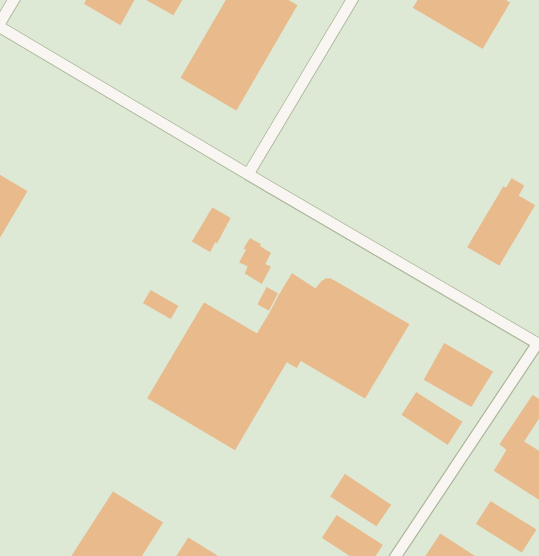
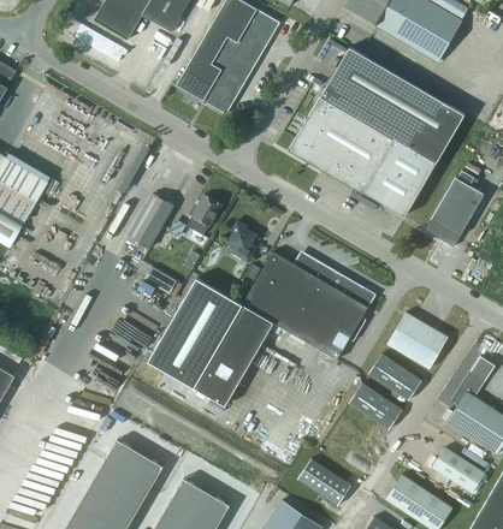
building: none -> [290,46,464,215]
building: none -> [129,194,174,248]
building: [329,473,392,527] -> [348,382,402,429]

